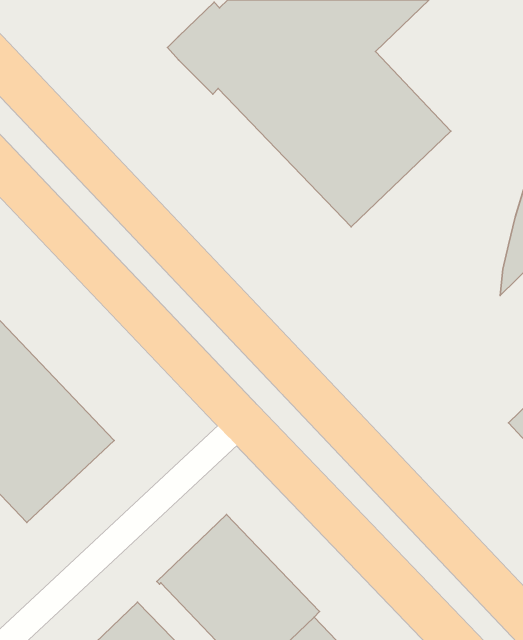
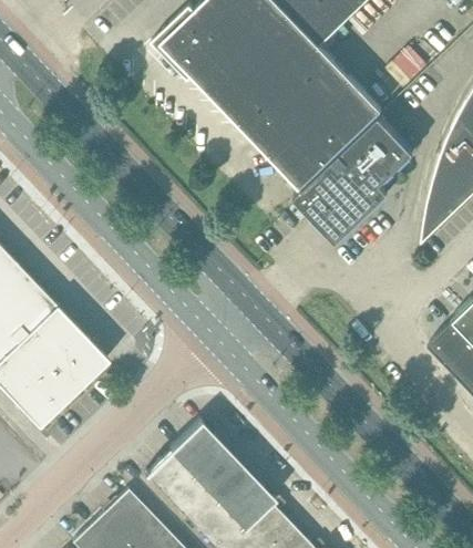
building: none -> [295,118,414,244]

